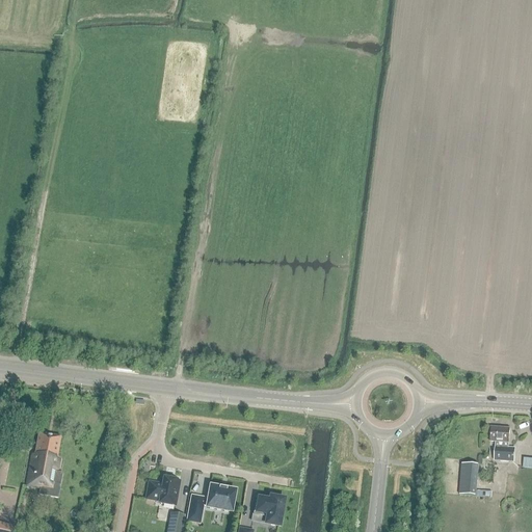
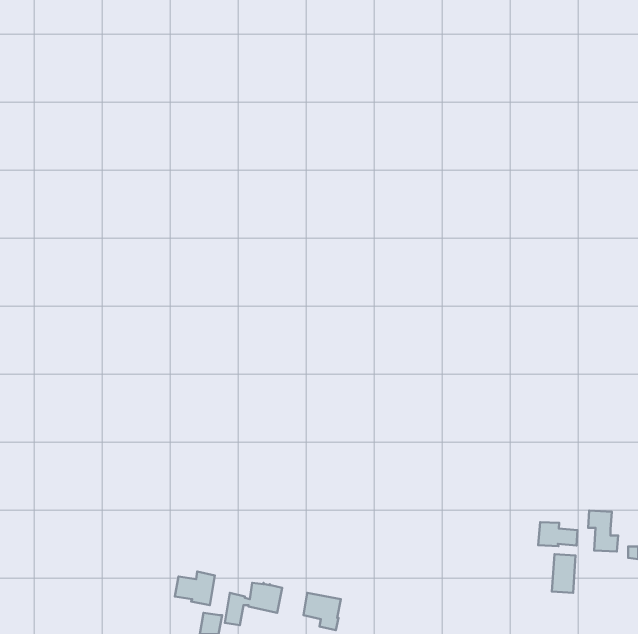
building: [26,431,62,487] -> none
building: none -> [538,522,577,546]

